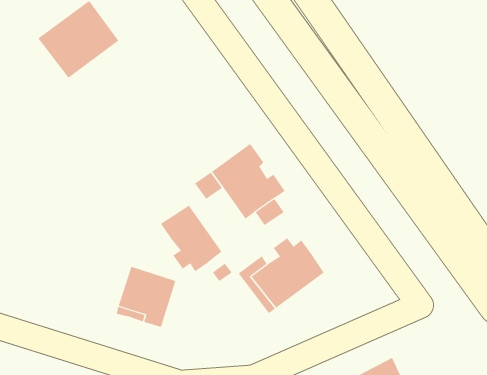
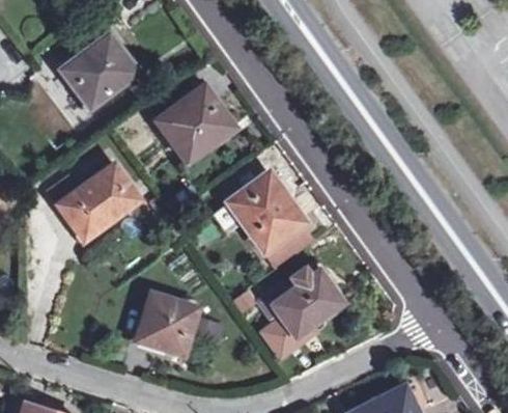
building: none -> [161,87,231,154]
building: none -> [51,165,139,240]
building: [160,205,222,272] -> none

